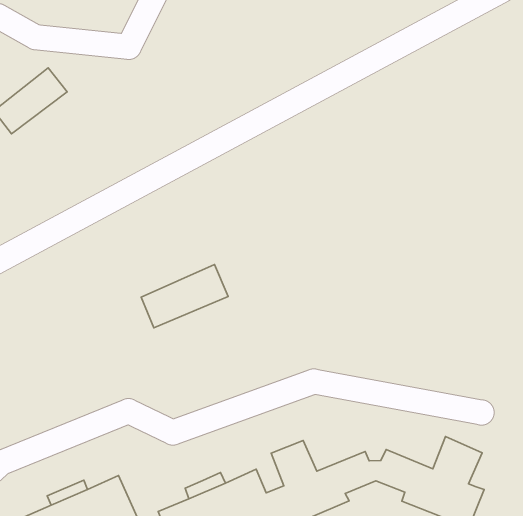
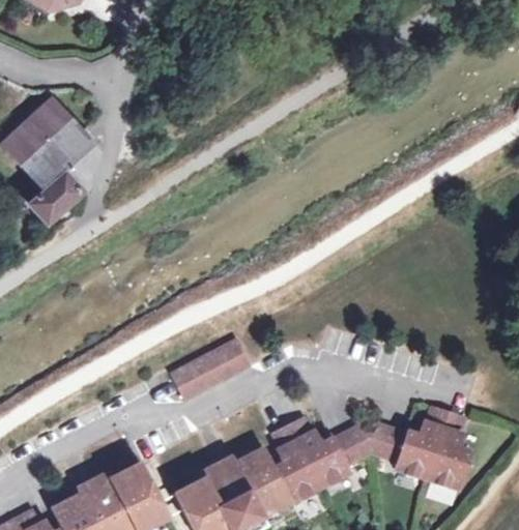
building: none -> [20,120,96,224]
building: [141,265,228,328] -> [170,338,249,400]

